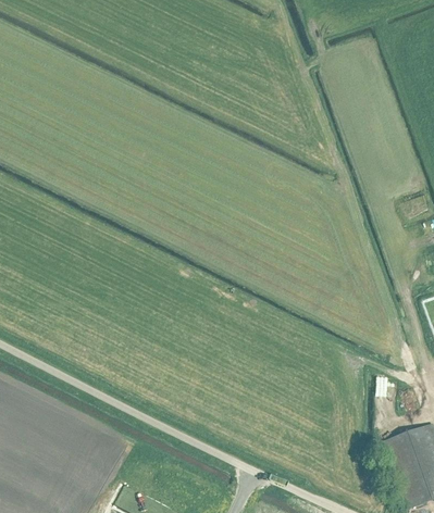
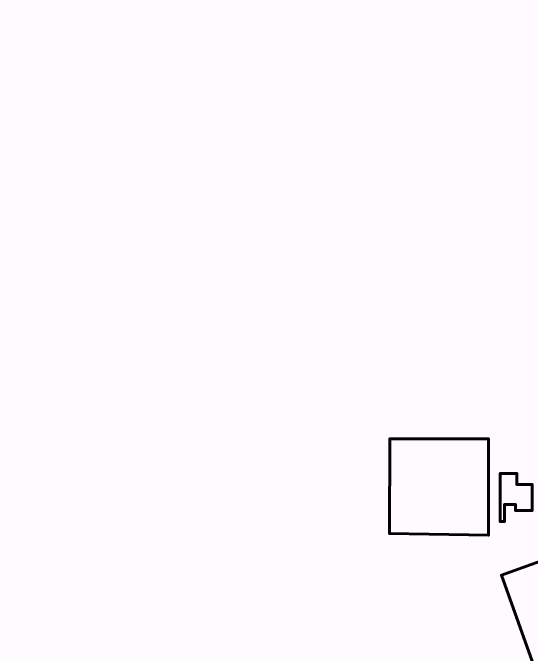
building: none -> [390,439,489,535]

